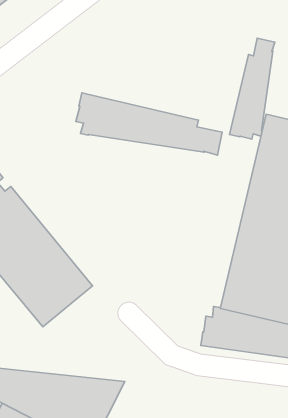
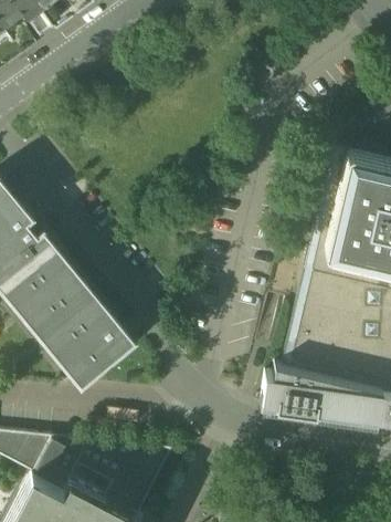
building: [230,38,275,139] -> none
building: [76,93,222,155] -> none

